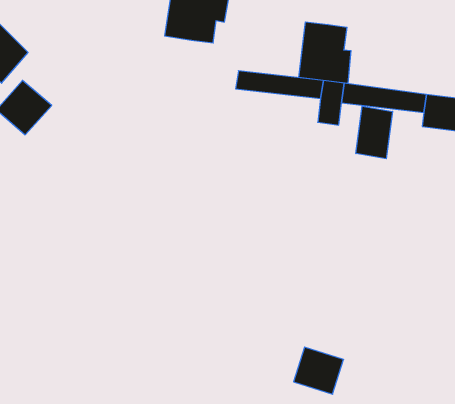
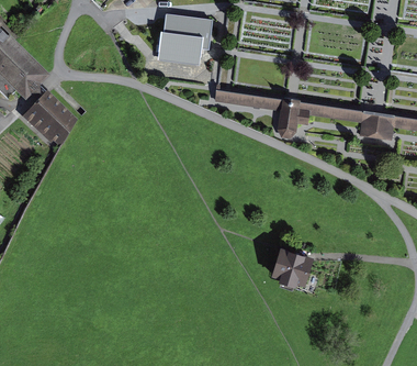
building: [299,22,351,83] -> none
building: [356,106,393,159] -> none
building: [294,347,344,394] -> [271,249,311,287]

